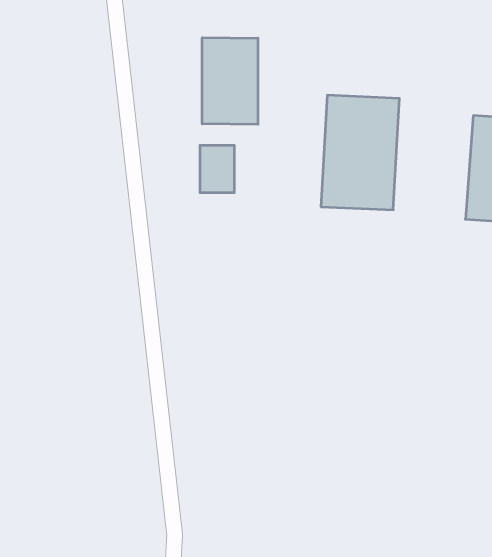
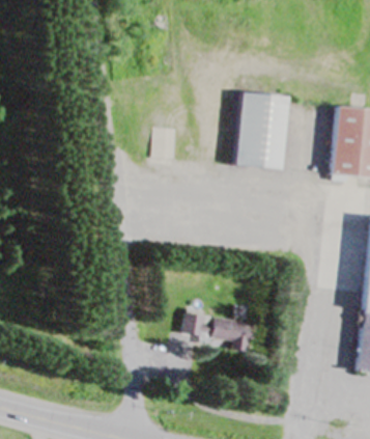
building: [202,38,258,124] -> none
building: none -> [184,310,251,341]

